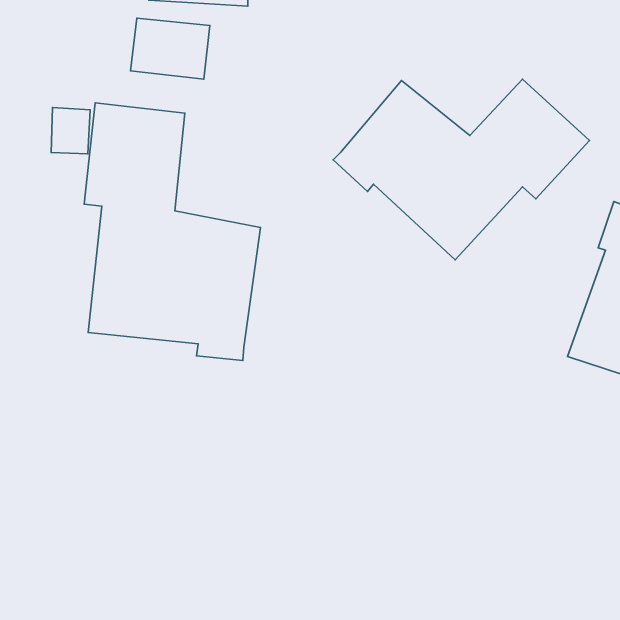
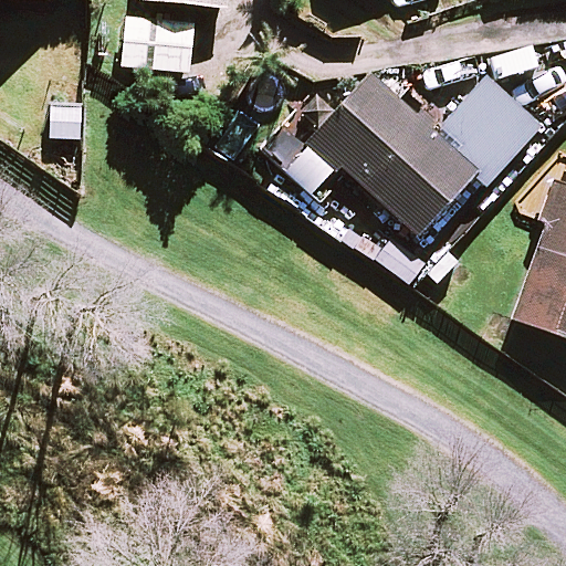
building: [84,103,261,360] -> none

